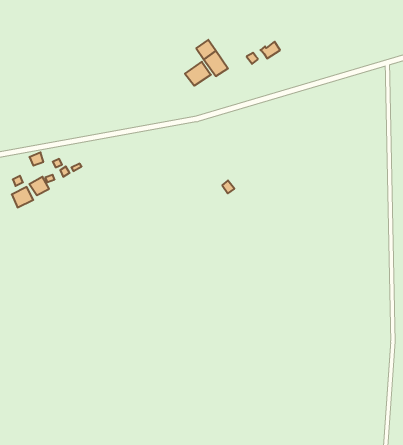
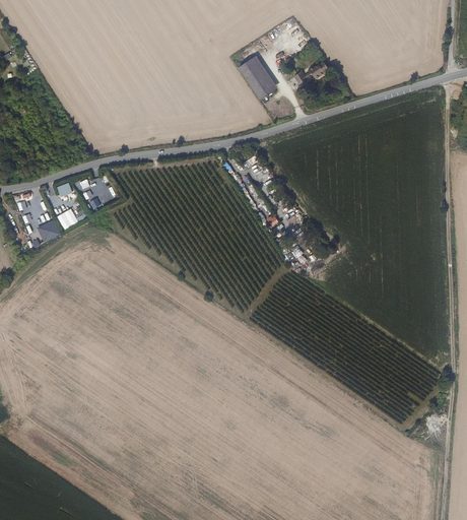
building: [185,62,211,86] -> none

